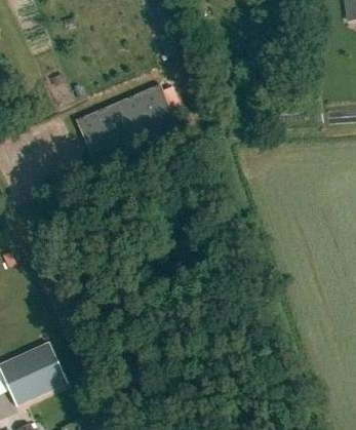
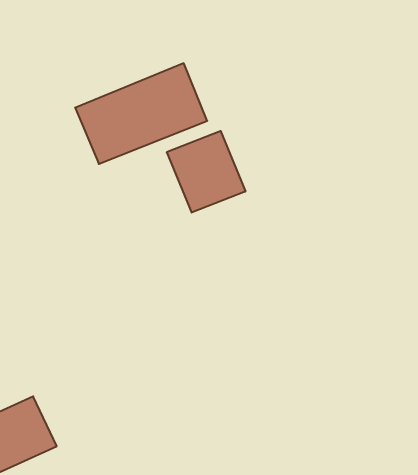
building: none -> [167,131,245,213]

